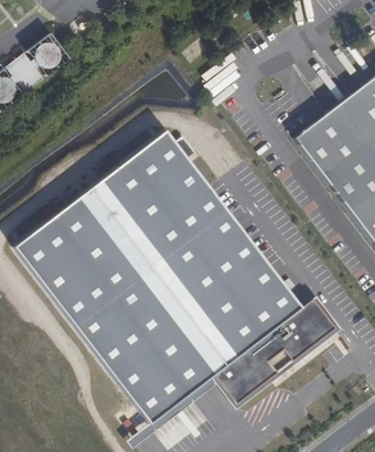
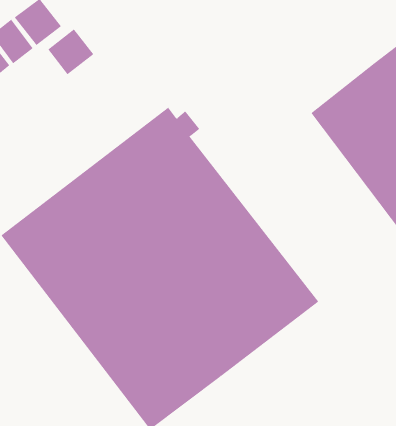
building: none -> [47,28,94,75]
building: [212,298,334,402] -> none

